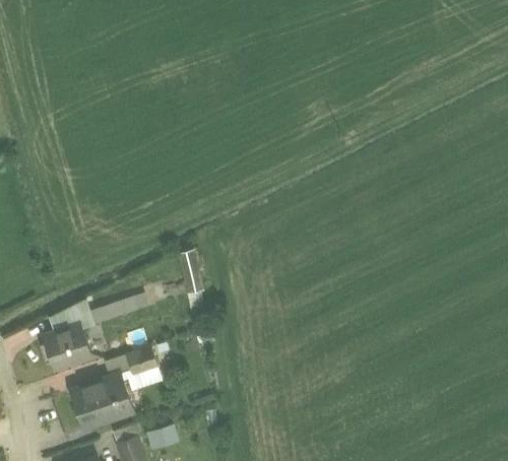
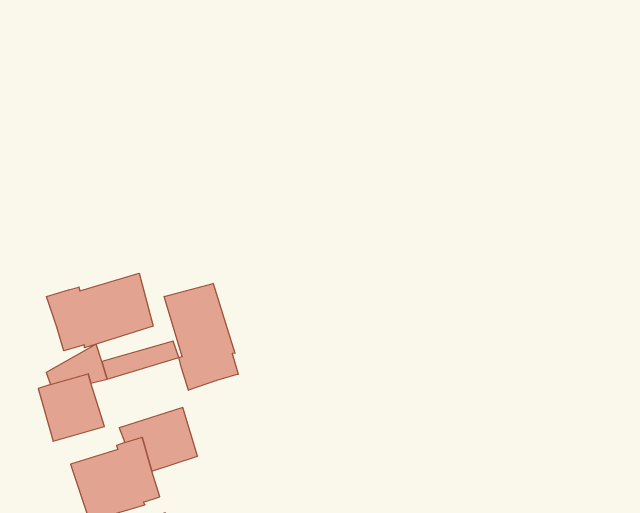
building: none -> [47,273,153,351]
building: none -> [164,283,238,390]

